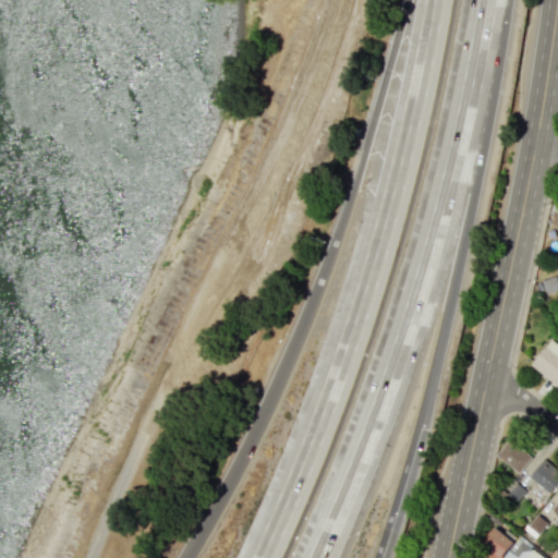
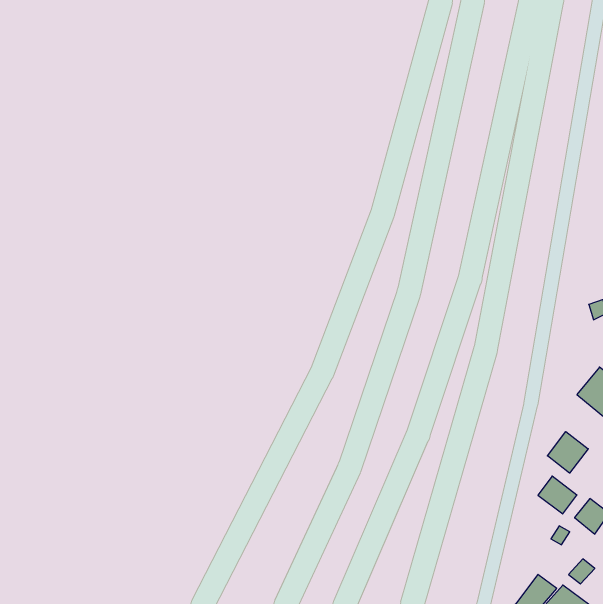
building: none -> [547,432,588,473]

